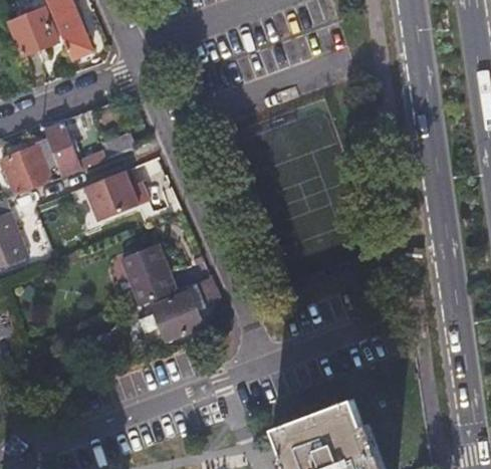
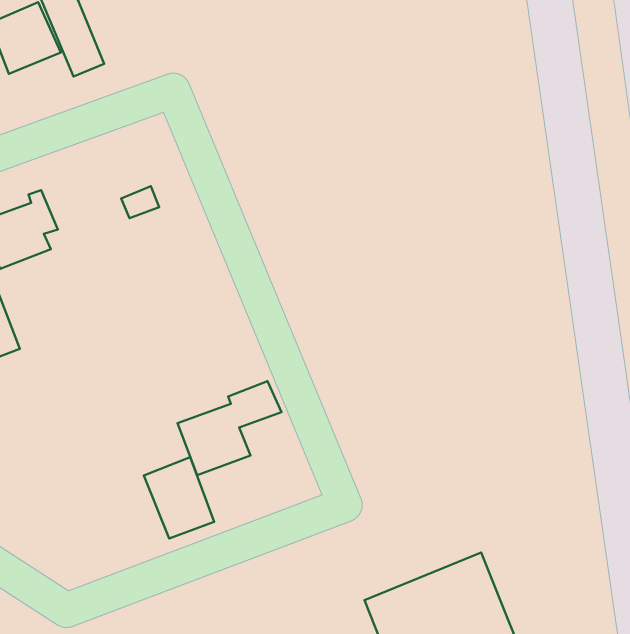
building: [40,120,105,176] -> none
building: [81,171,136,222] -> none
building: [117,245,168,303] -> [144,457,214,539]

